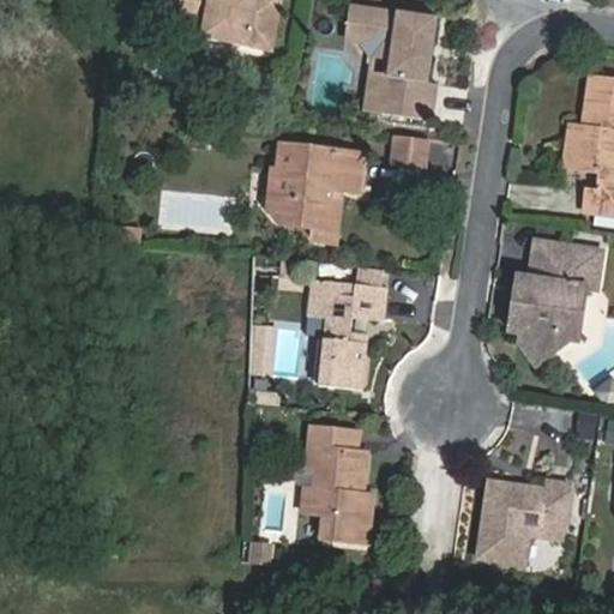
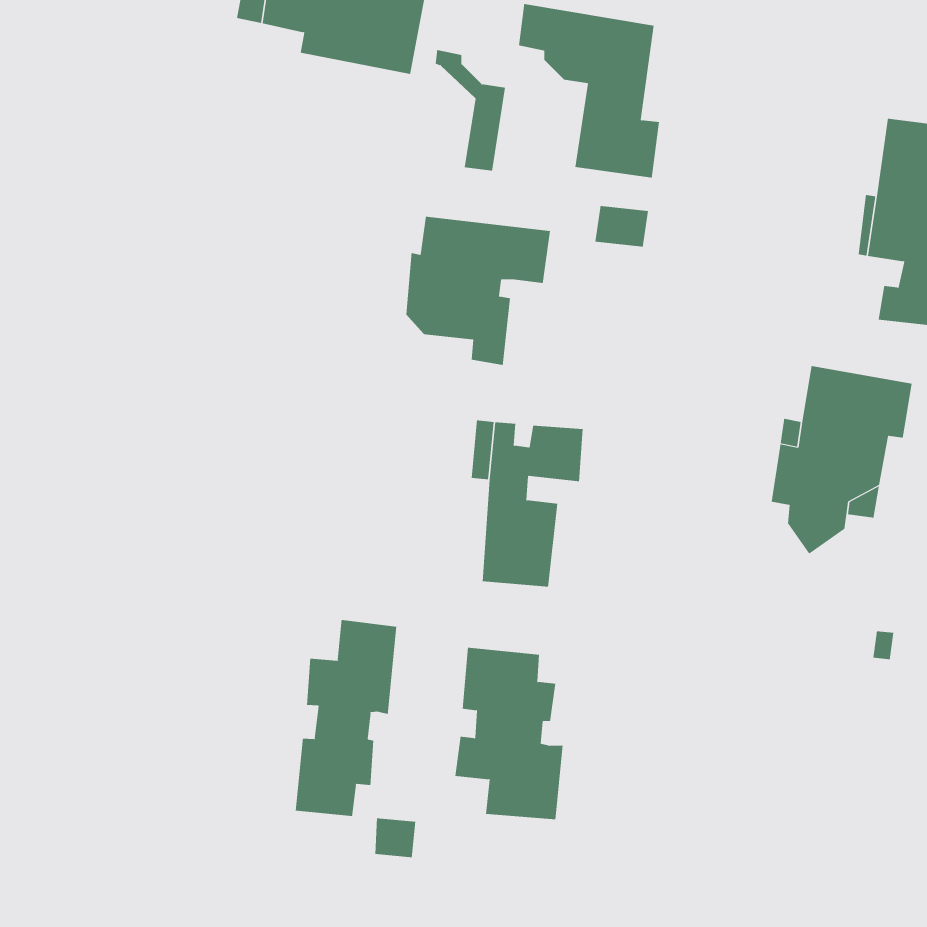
building: [342,30,389,110] -> [435,49,506,171]
building: none -> [295,619,397,817]
building: [478,475,570,559] -> none

